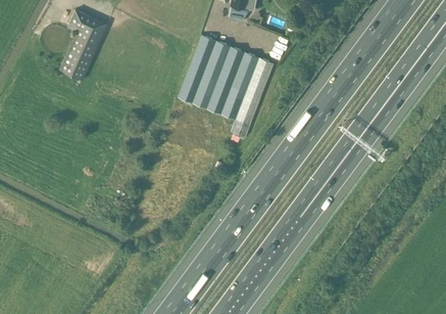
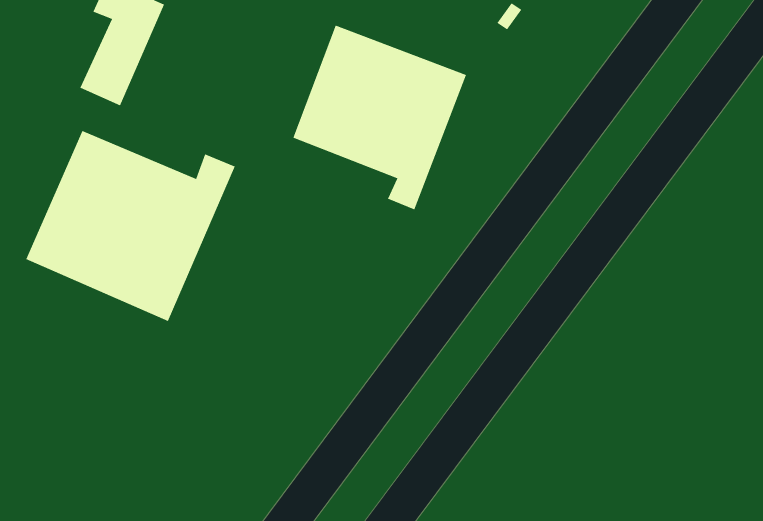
building: none -> [25,130,235,322]

